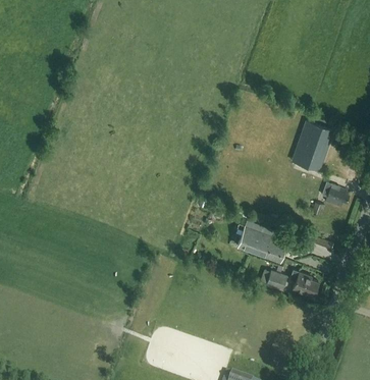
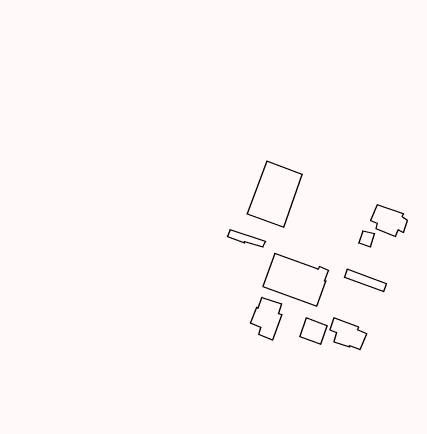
building: [290,121,333,172] -> [247,161,302,227]
building: none -> [250,297,282,340]

